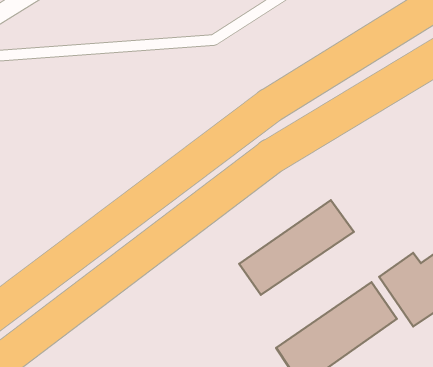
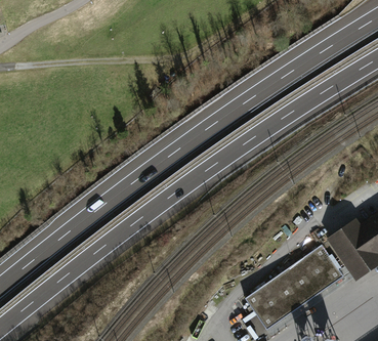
building: [239,200,354,295] -> none

